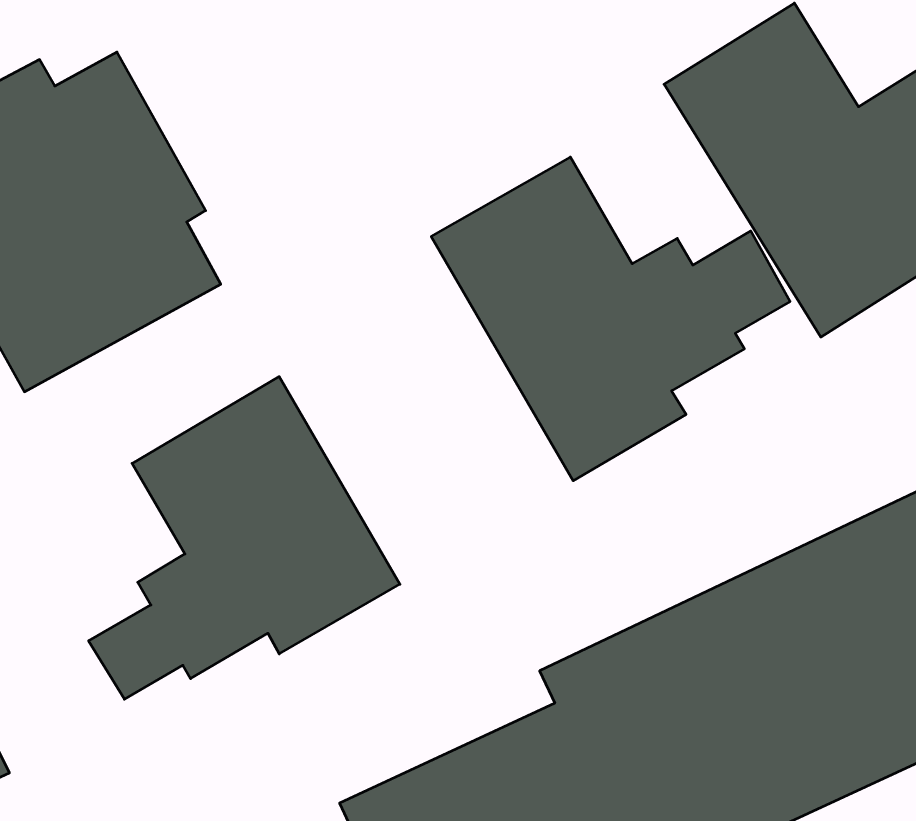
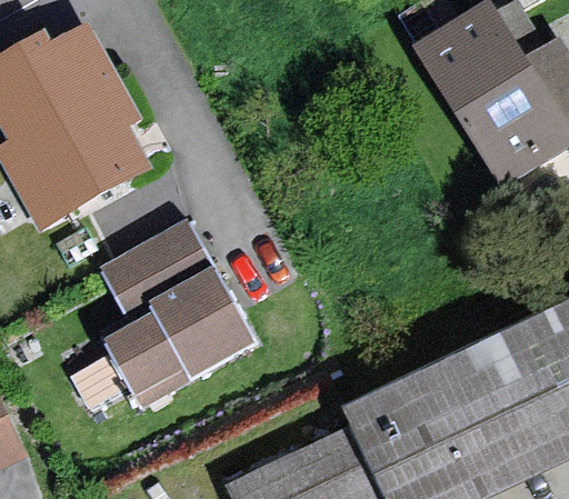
building: [431,157,790,481] -> none

